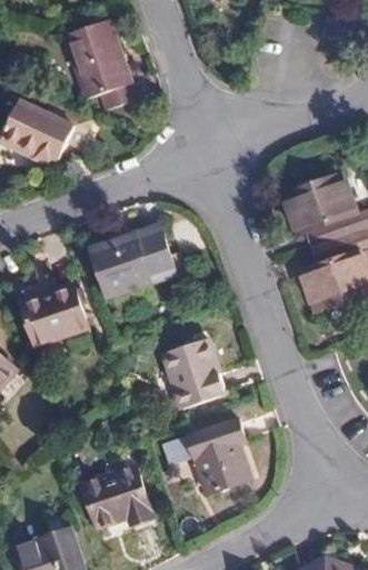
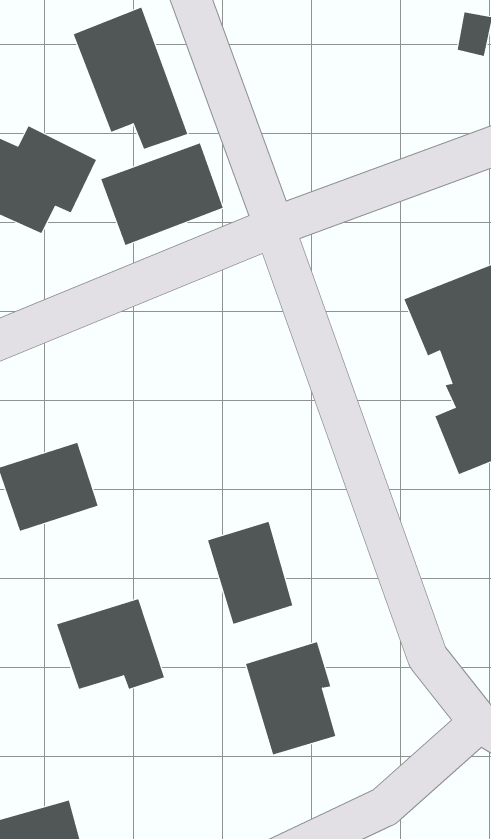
building: none -> [101,143,224,246]
building: [90,229,176,299] -> none
building: [80,462,150,521] -> [56,598,165,690]

